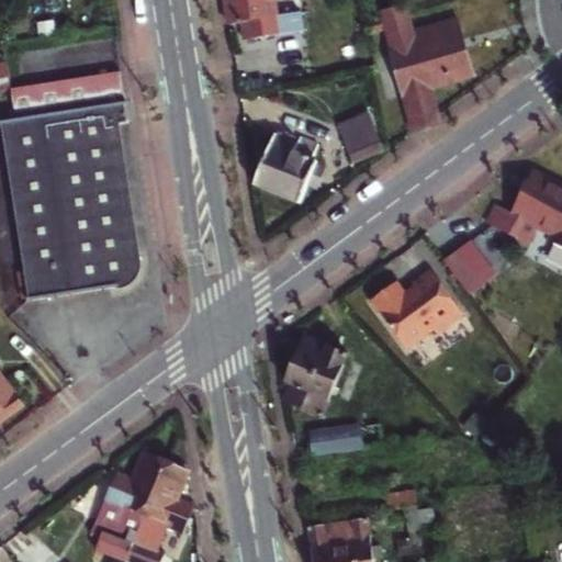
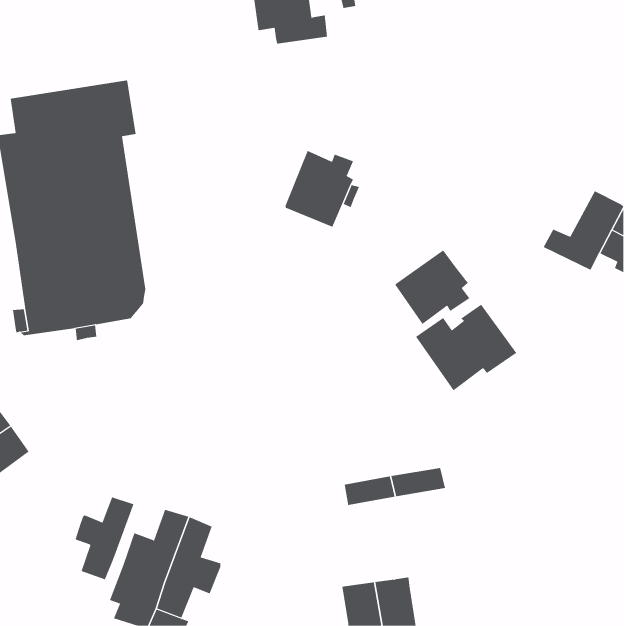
building: [362,4,470,133] -> none
building: [340,113,381,157] -> none
building: none -> [395,249,470,325]
building: [442,240,492,289] -> none
building: [284,336,345,415] -> none
building: none -> [75,496,134,580]

